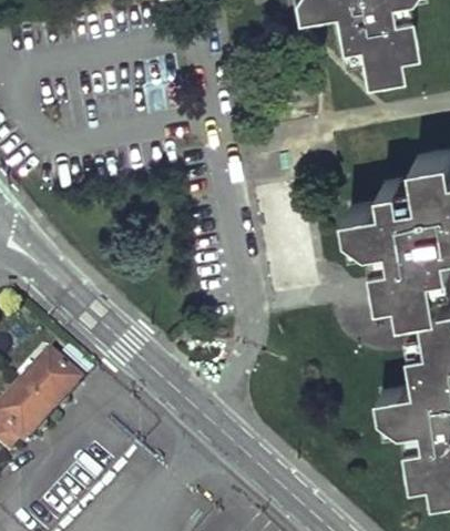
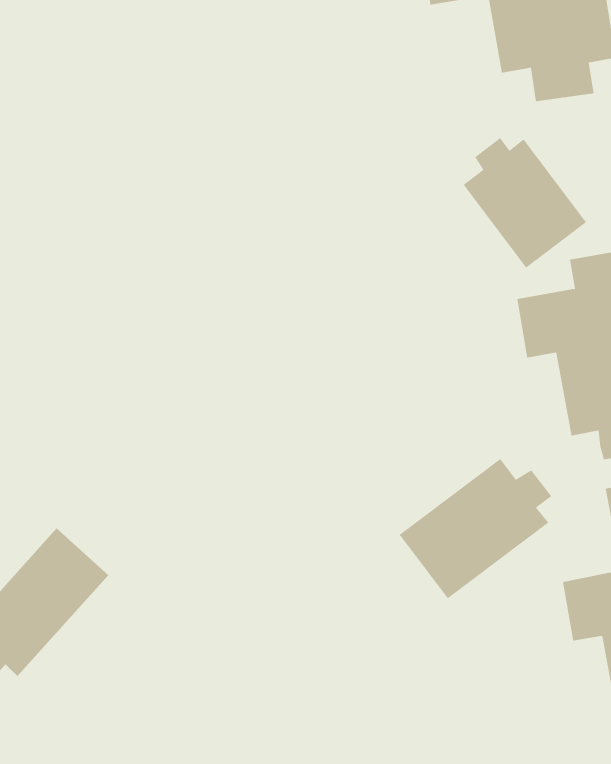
building: none -> [463,137,587,268]
building: none -> [399,458,552,599]

